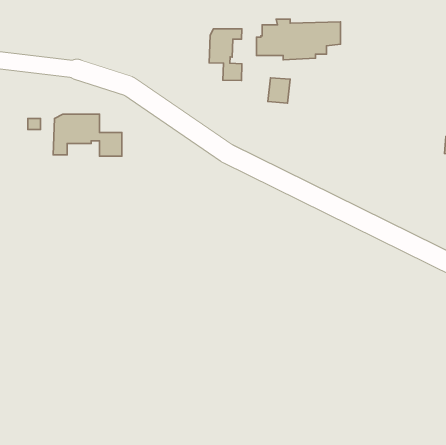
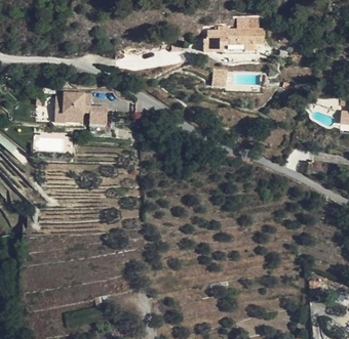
building: [209,29,242,81] -> none

